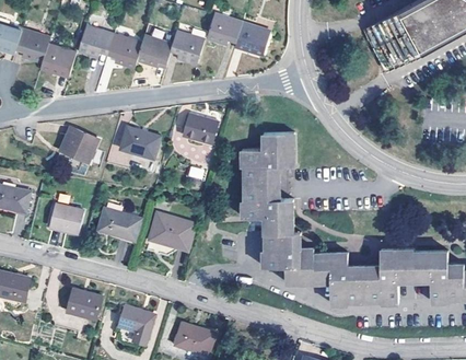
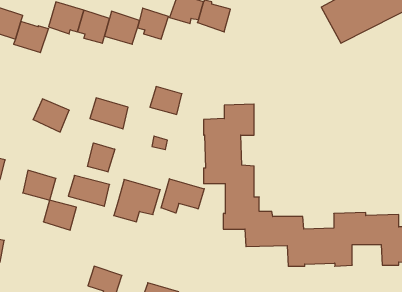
building: none -> [87,143,115,172]
building: none -> [161,179,204,213]
building: [67,288,102,320] -> [43,200,76,230]

